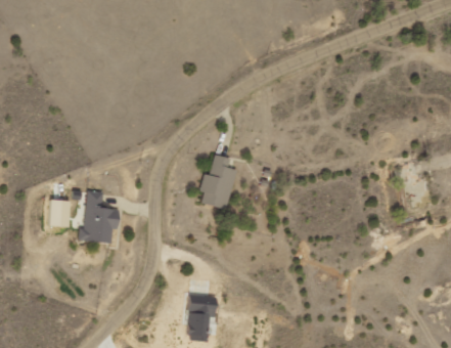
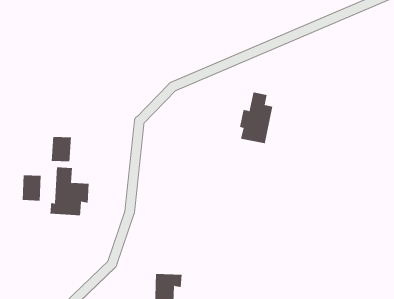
building: [199,155,235,209] -> [239,92,273,144]
building: none -> [51,136,71,162]

